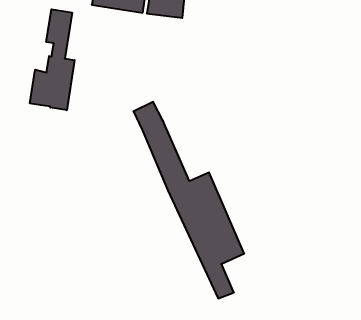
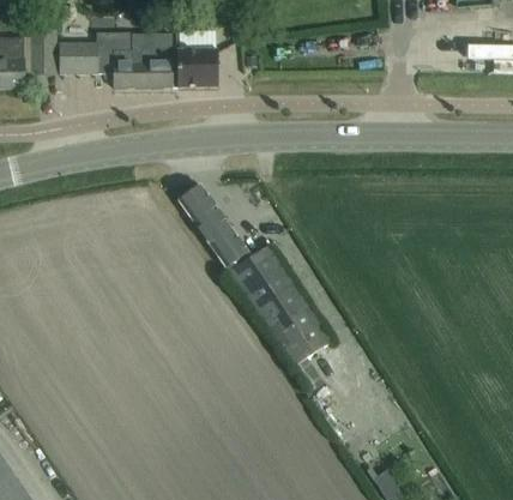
building: [30,9,75,110] -> none

